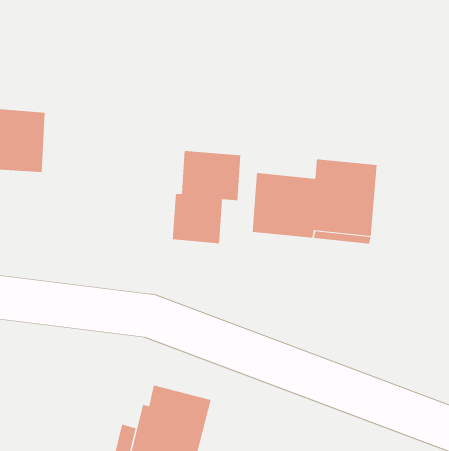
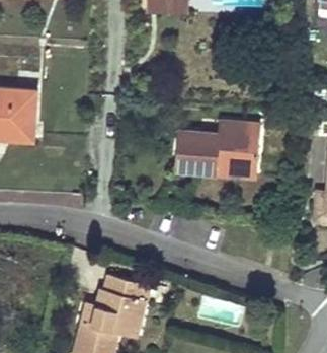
building: [172,150,241,244] -> none

